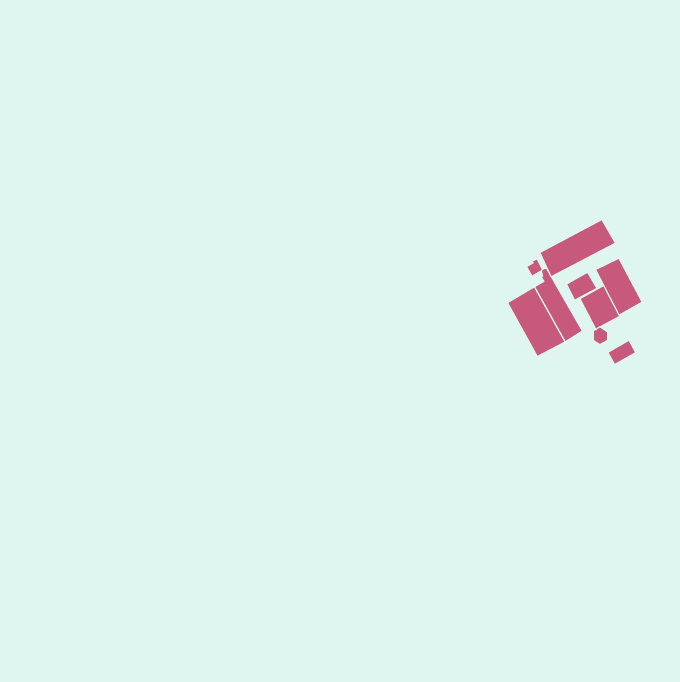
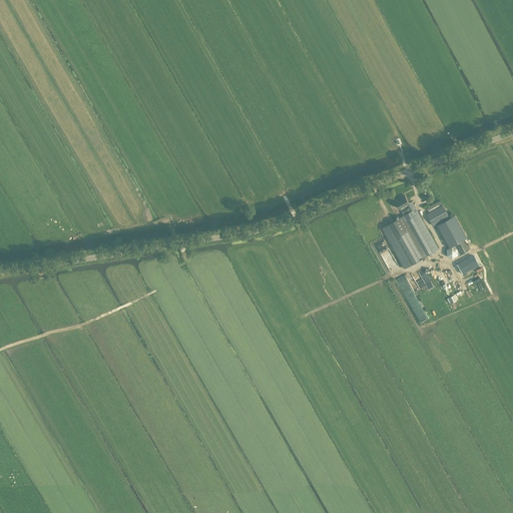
building: [540,220,615,277] -> none
building: [595,258,642,315] -> none

